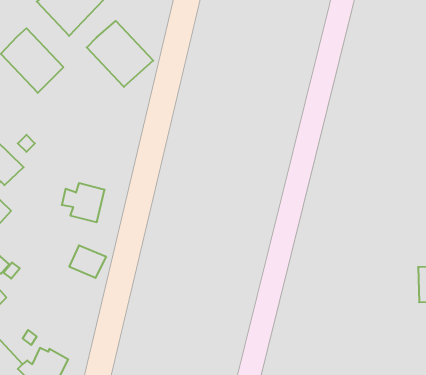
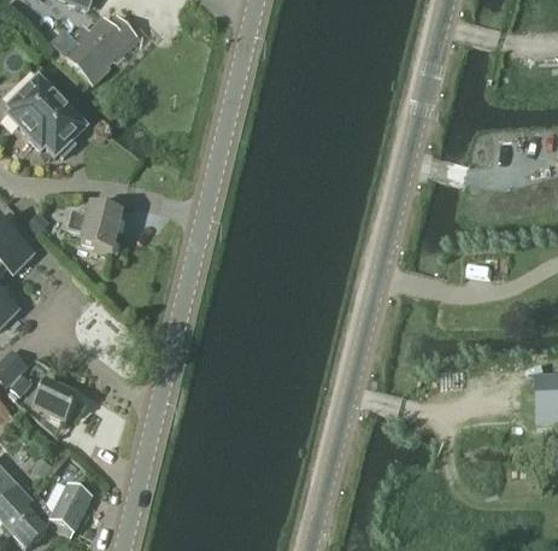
building: [87,21,153,87] -> none
building: [62,183,105,222] -> [67,203,122,252]
building: [69,245,106,278] -> [31,380,78,421]

